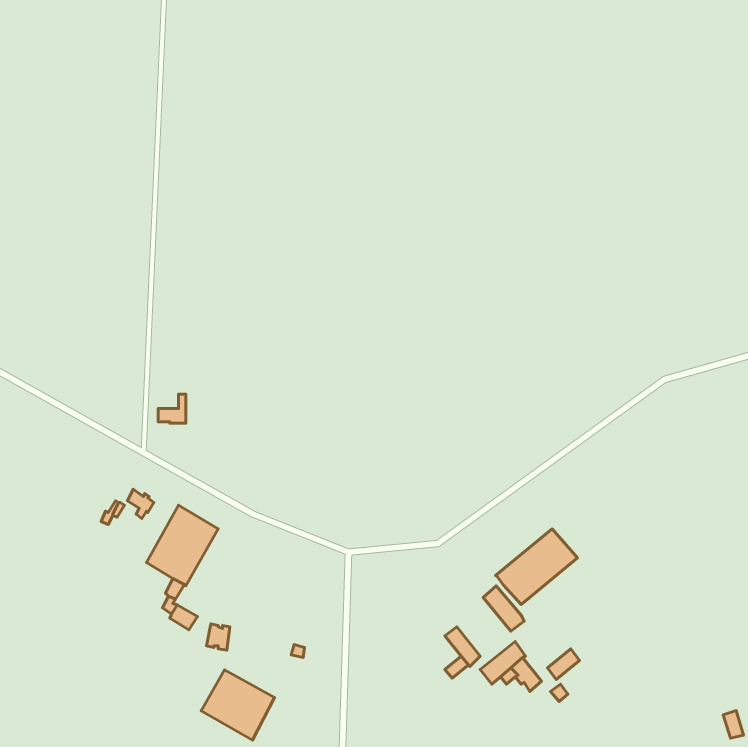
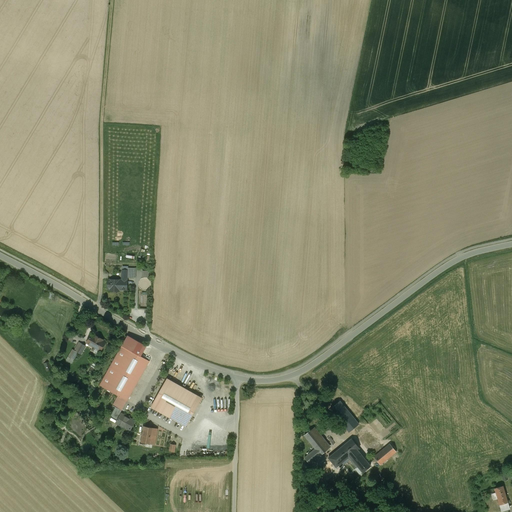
building: [496,529,577,604] -> none
building: [201,670,274,740] -> [151,378,201,426]

